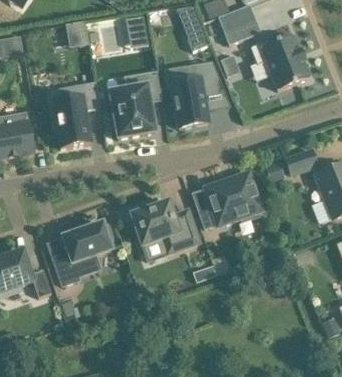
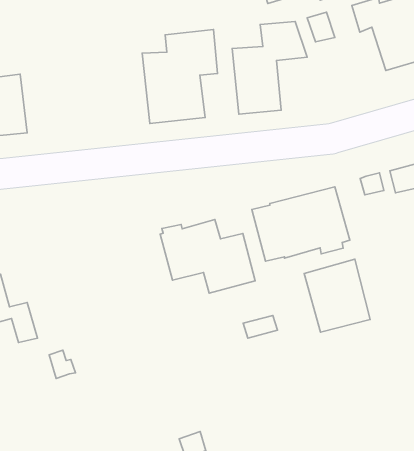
building: [46,81,99,148] -> none
building: none -> [304,259,370,332]
building: [54,222,112,283] -> none

